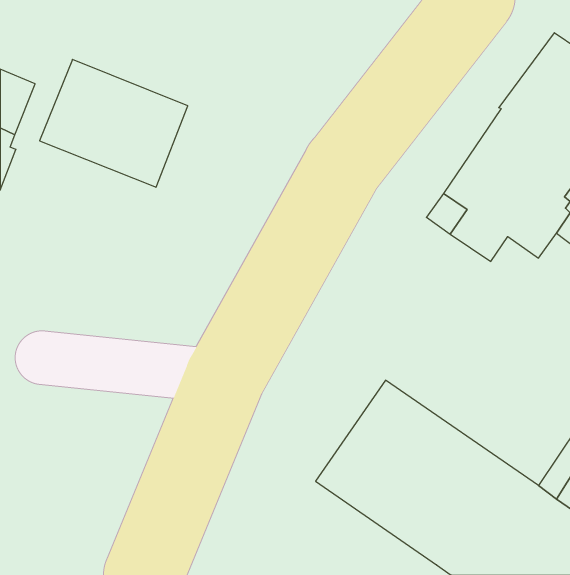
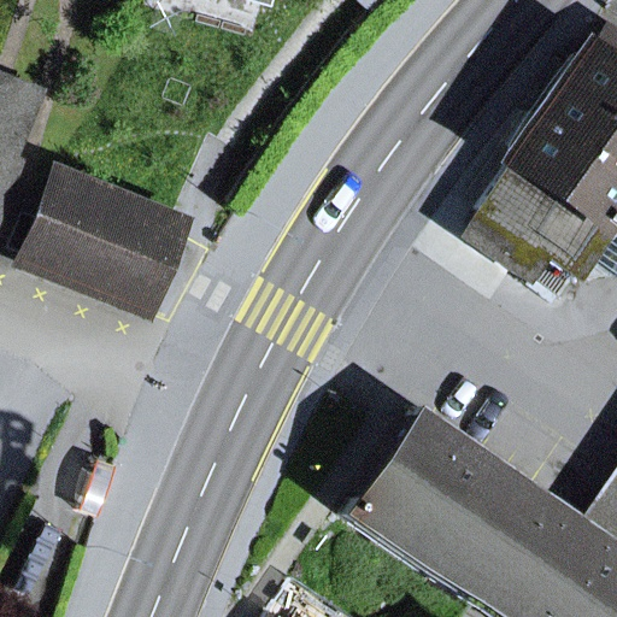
building: [40,59,188,187] -> [24,172,182,308]

